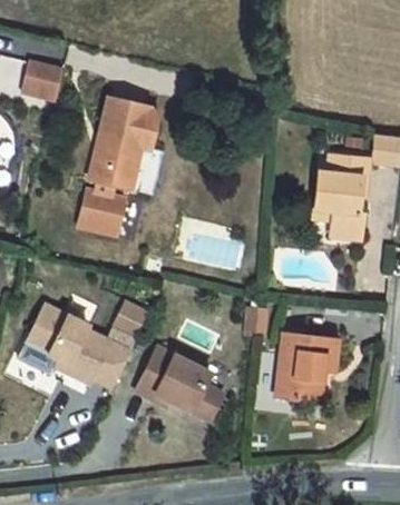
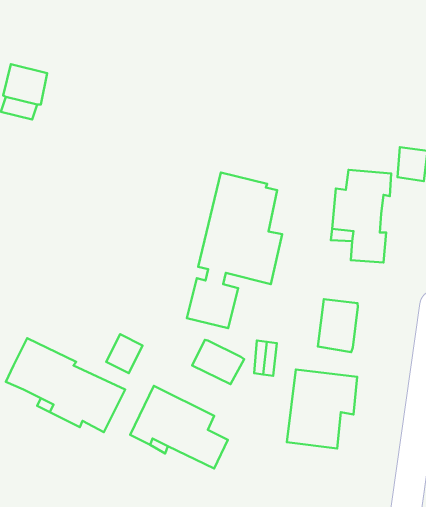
building: [78,96,163,234] -> [187,173,282,328]
building: none -> [318,299,358,352]
building: none -> [192,340,244,384]

